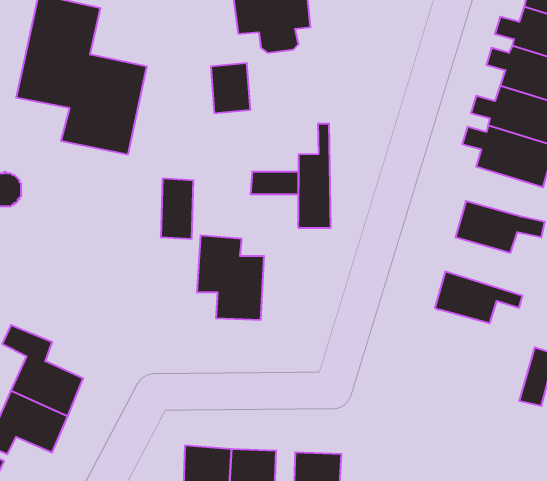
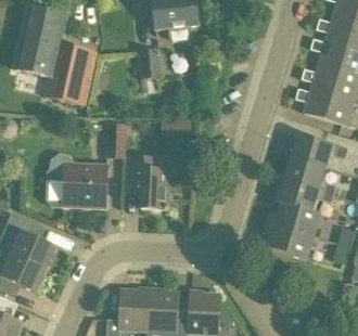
building: [298,123,331,228] -> none
building: none -> [49,153,106,207]
building: none -> [284,157,335,194]
building: none -> [264,203,322,260]

